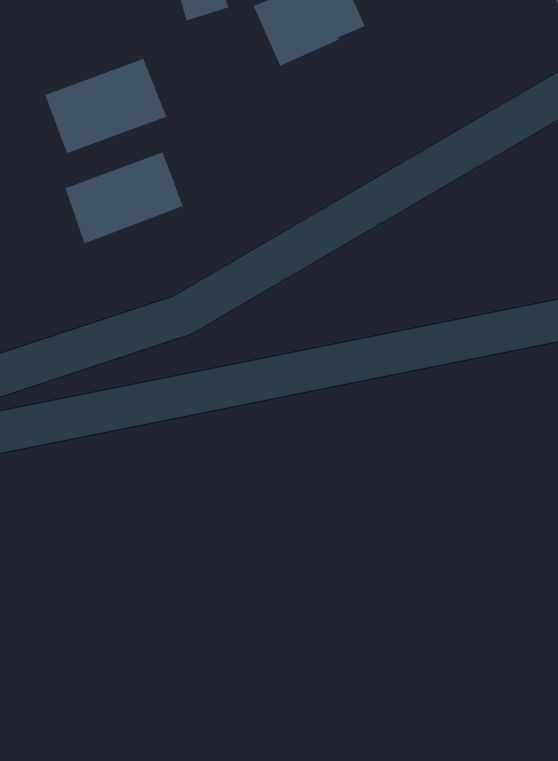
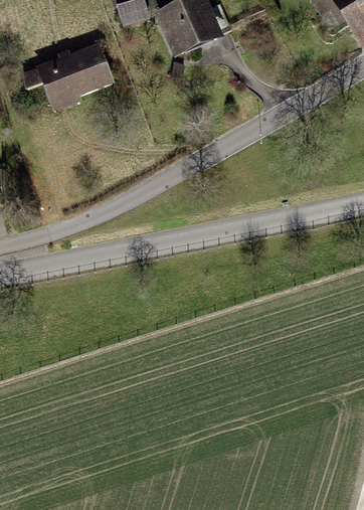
building: [65,151,183,244] -> none

